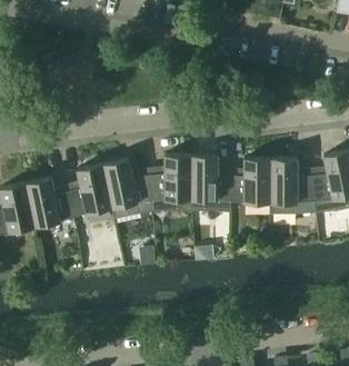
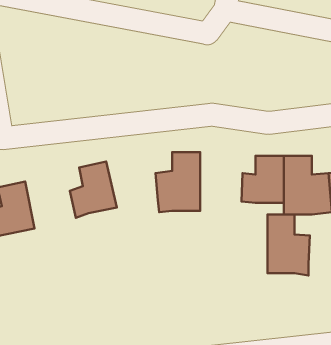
building: [191,155,231,212] -> [267,214,310,276]
building: [102,158,152,218] -> none
building: [26,177,73,227] -> none

